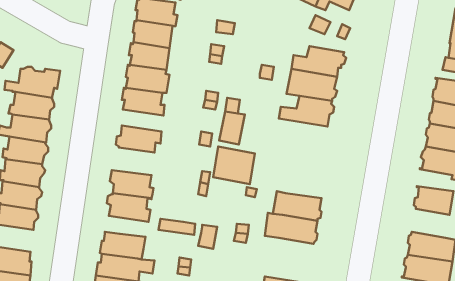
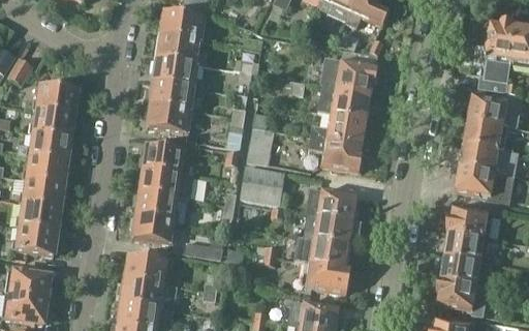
building: none -> [306,138,362,172]
building: none -> [134,168,191,199]
building: none -> [306,190,356,220]
building: none -> [444,232,486,262]
building: none -> [304,262,348,293]

